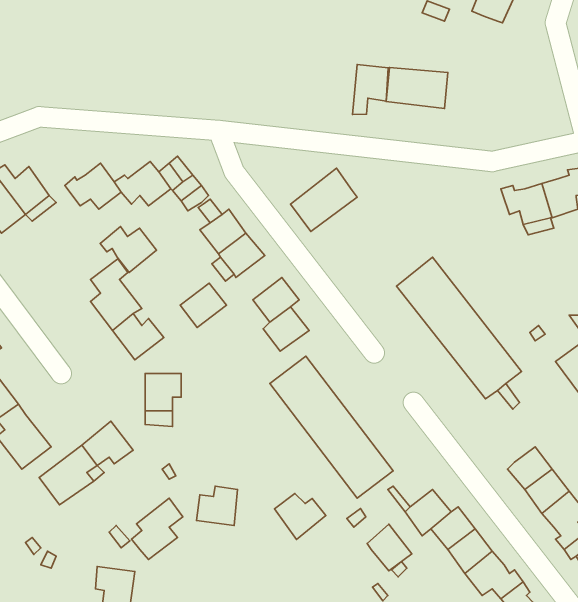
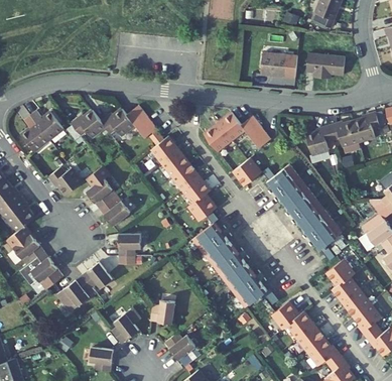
building: [352,64,388,114] -> none
building: none -> [306,53,345,79]
building: none -> [241,117,271,148]
building: none -> [306,125,334,154]
building: [100,226,157,272] -> [48,167,82,195]
building: none -> [234,159,261,185]
building: [180,283,226,328] -> [172,164,200,190]
building: none -> [326,260,354,286]
building: [274,493,326,540] -> [164,333,194,360]
building: [367,524,412,571] -> none

